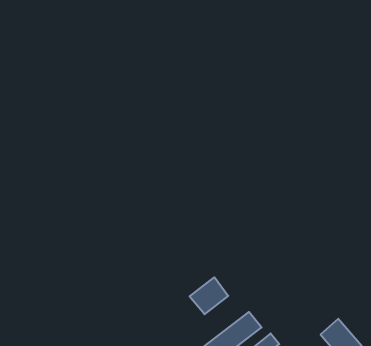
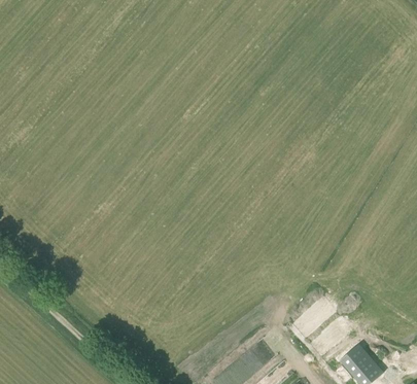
building: [190,277,228,314] -> none

